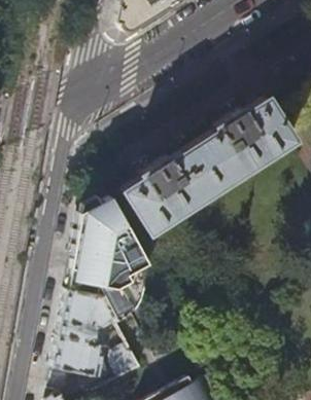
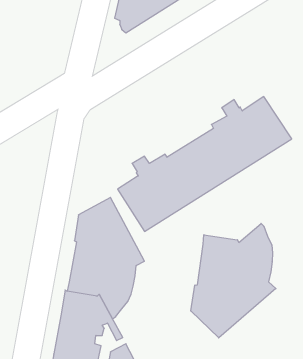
building: none -> [191,223,276,338]

